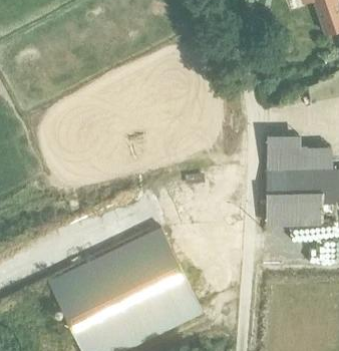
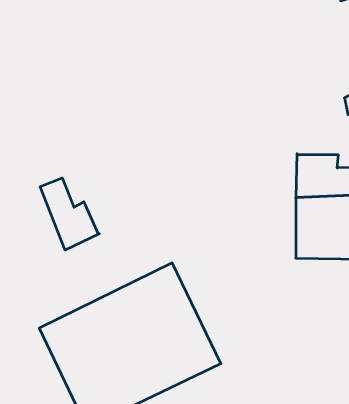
building: none -> [40,178,99,250]

